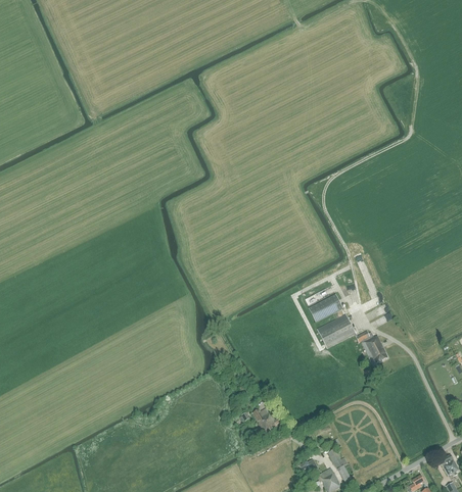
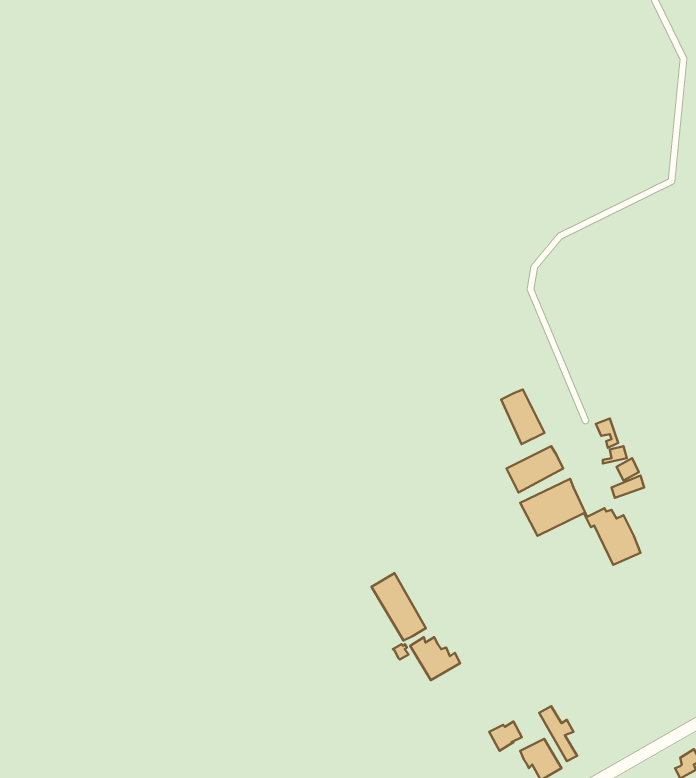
building: none -> [501,390,544,444]
building: none -> [371,573,426,640]

